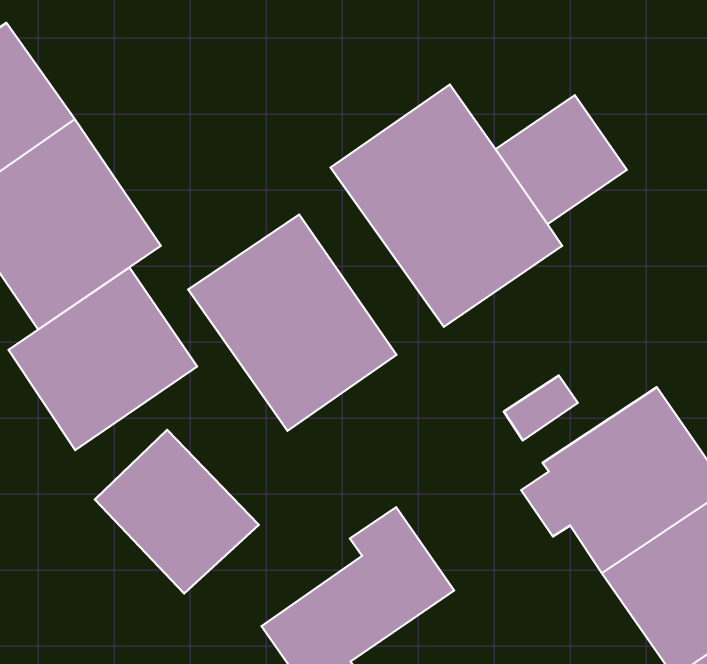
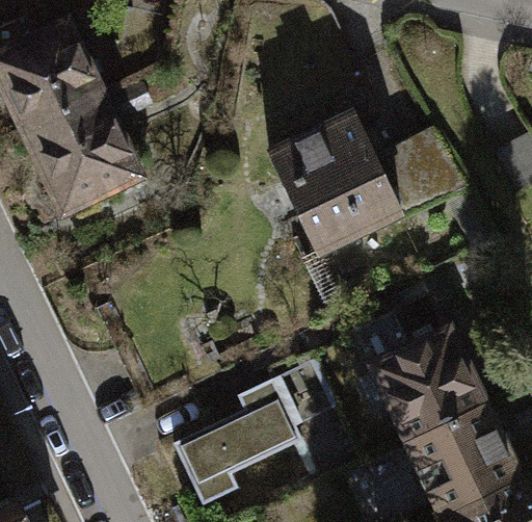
building: [188,215,397,431] -> none
building: [8,267,197,450] -> none
building: [95,430,259,594] -> none

